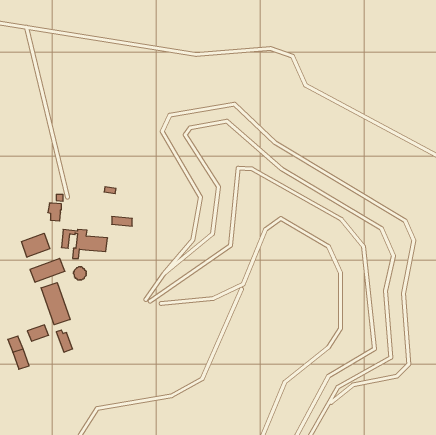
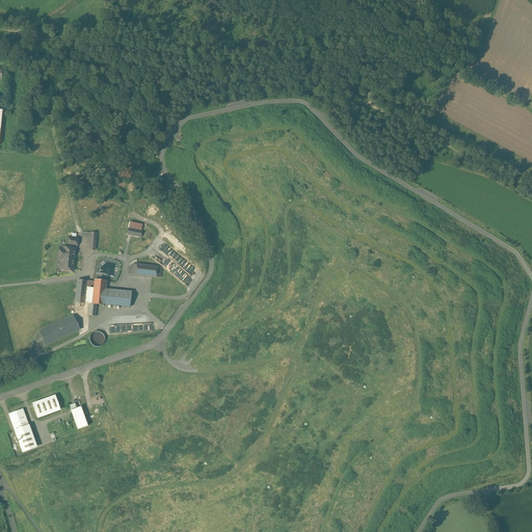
building: [21,233,50,257] -> none
building: [41,283,70,325] -> none

